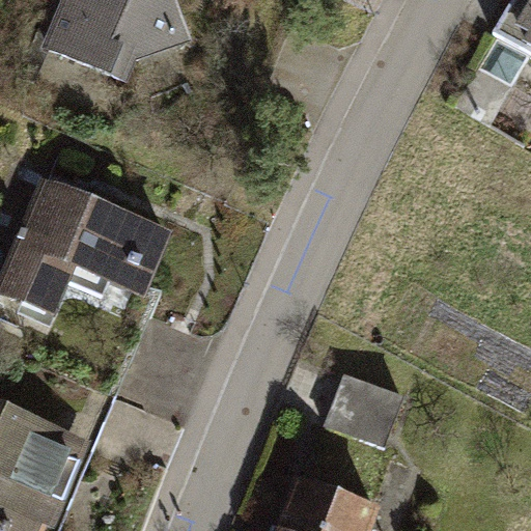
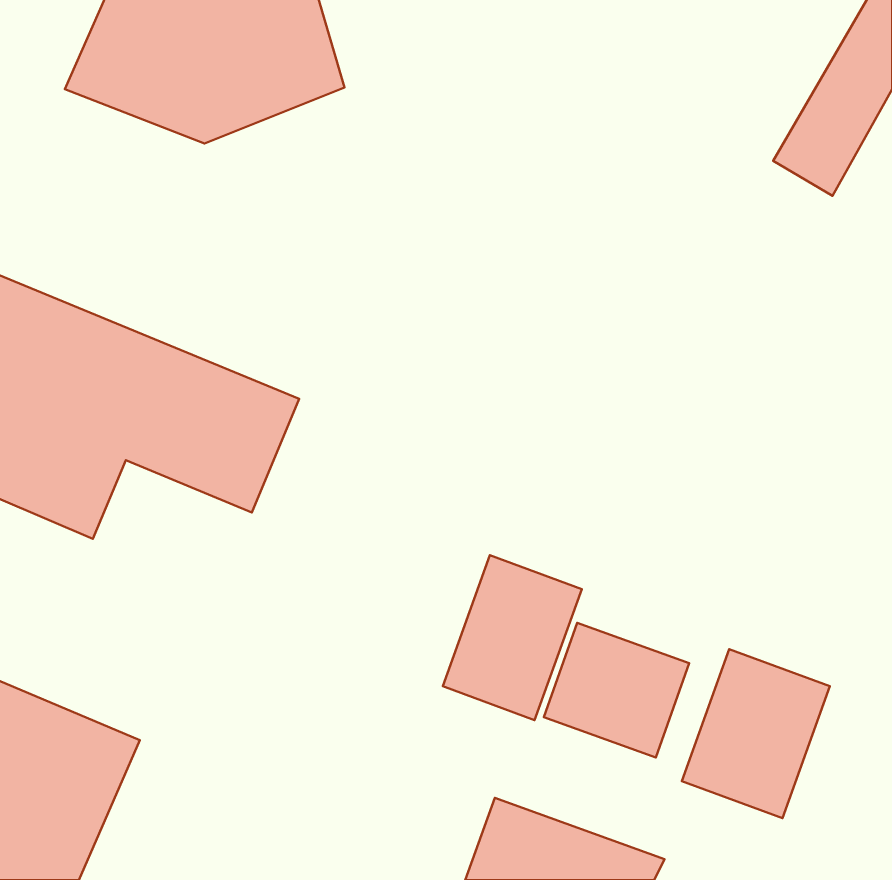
building: none -> [443,555,582,720]
building: none -> [682,649,830,818]

